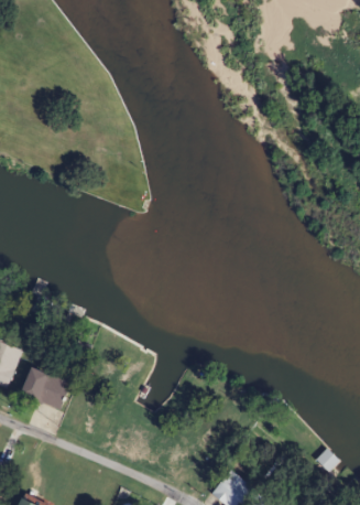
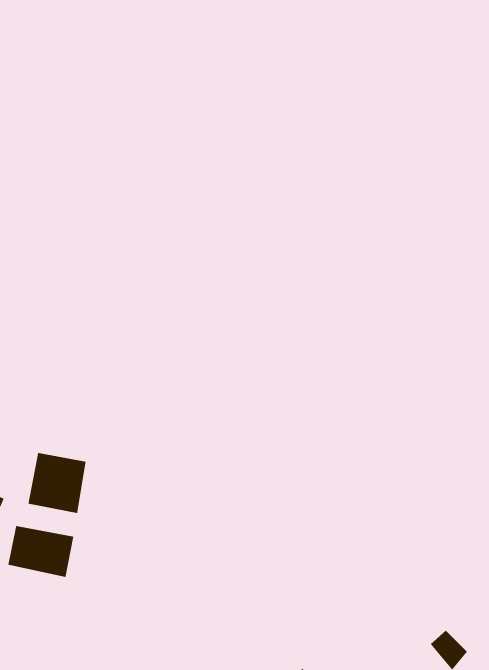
building: none -> [28,452,86,514]

